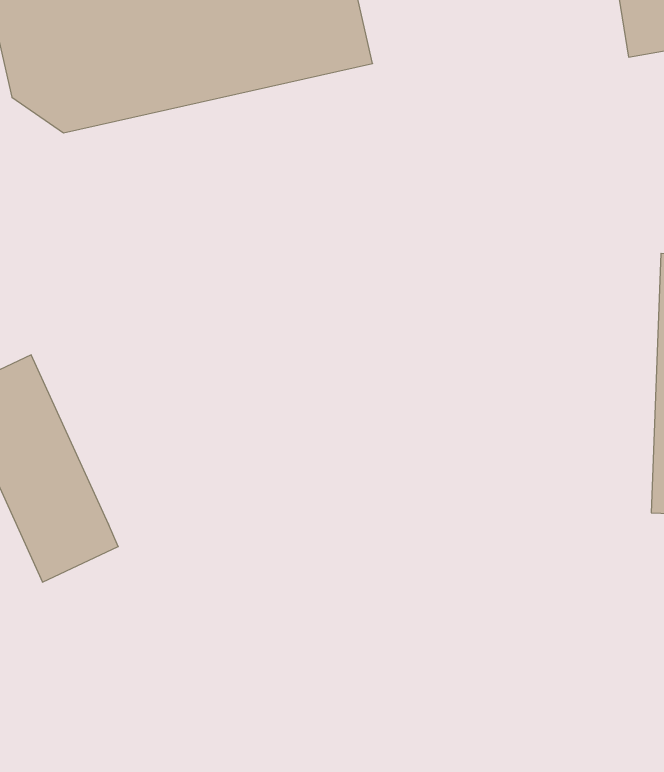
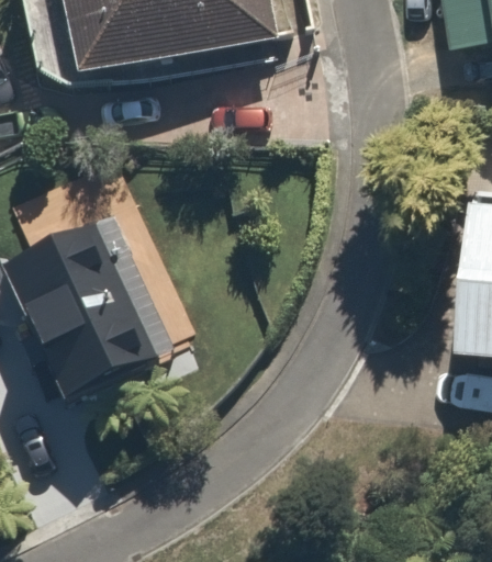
building: none -> [47,203,194,361]

